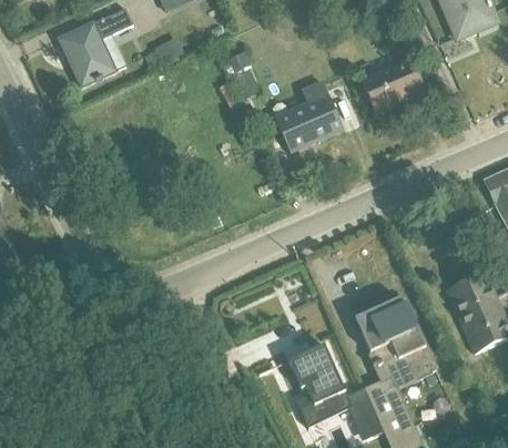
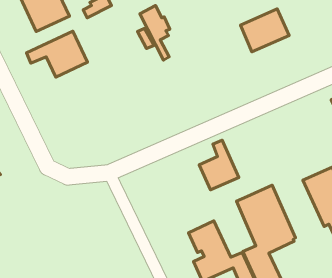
building: [274,80,343,152] -> none
building: none -> [26,31,87,77]
building: none -> [199,140,239,190]

